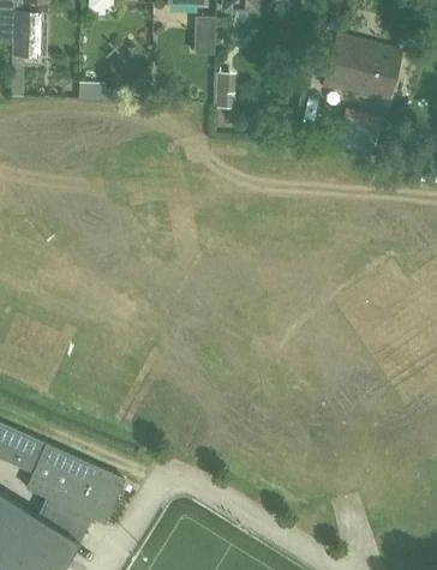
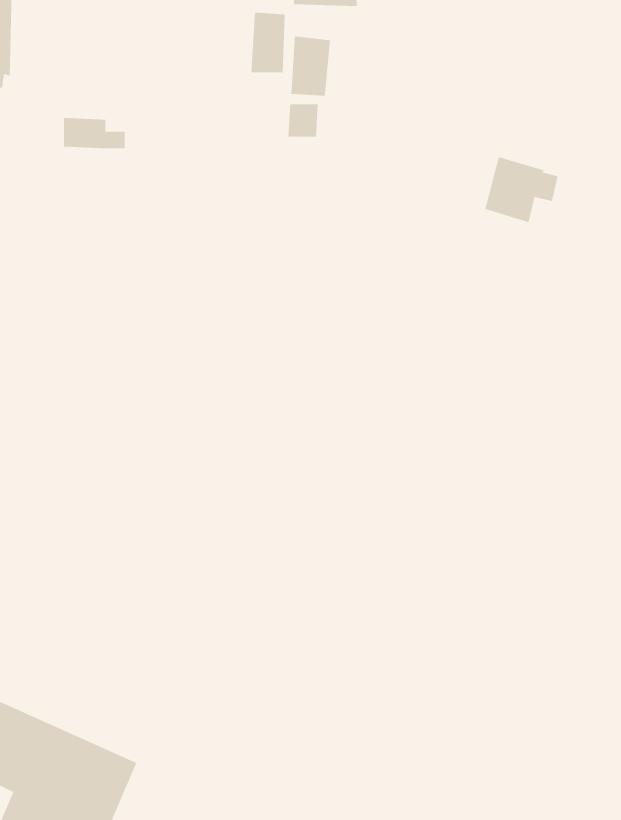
building: none -> [291,36,331,97]
building: [323,35,400,103] -> none

